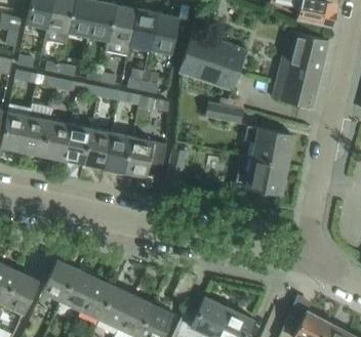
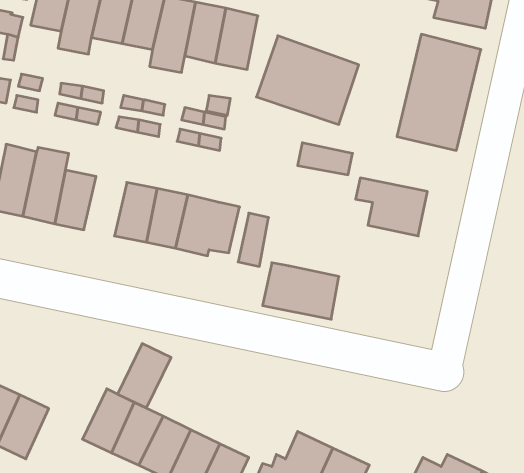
building: [62,125,90,165] -> none
building: [235,156,286,194] -> [263,263,339,319]
building: [41,258,77,301] -> [118,344,171,408]

